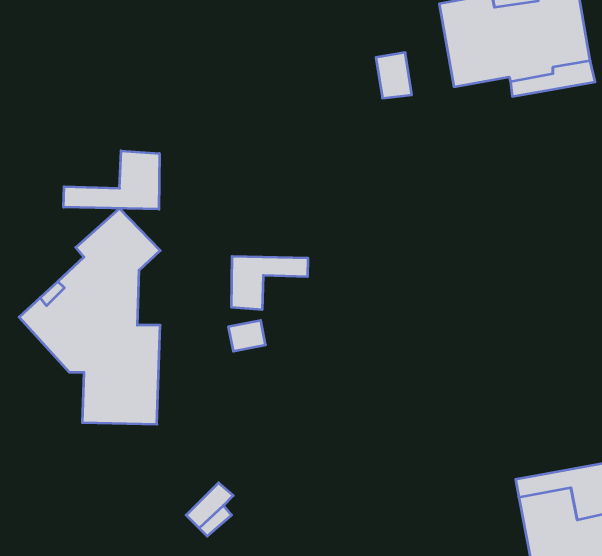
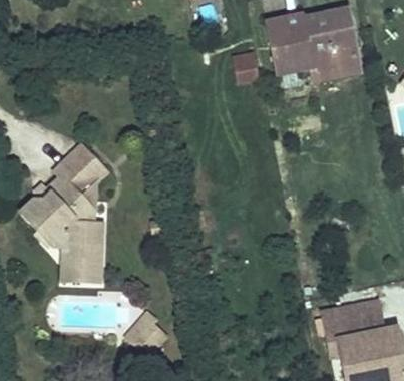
building: [64,151,159,209] -> none
building: [232,256,308,310] -> none

